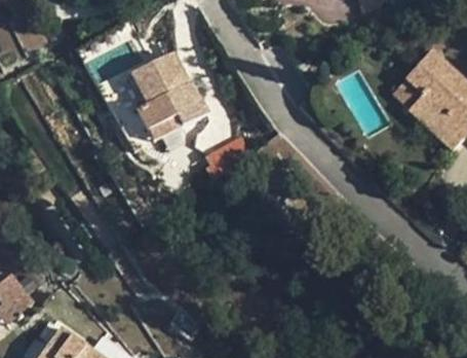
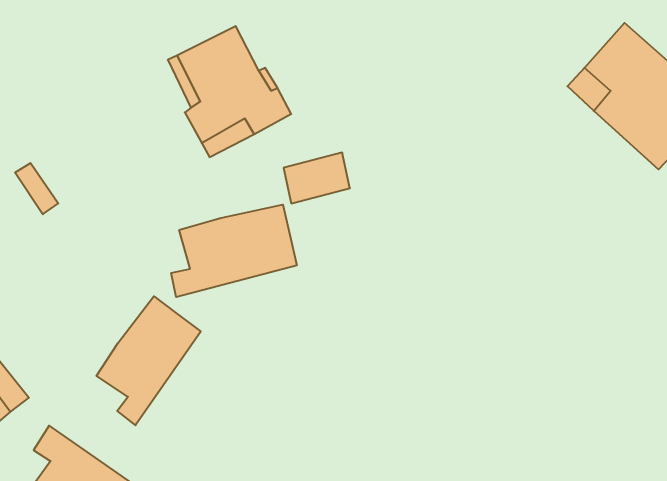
building: none -> [171,205,297,297]
building: none -> [96,296,201,425]

